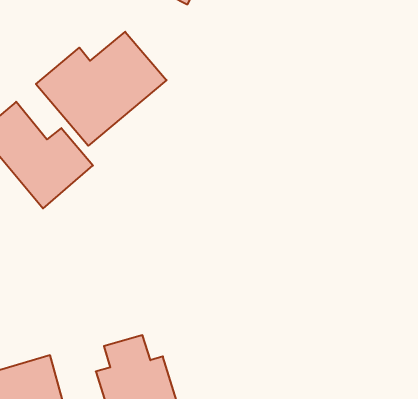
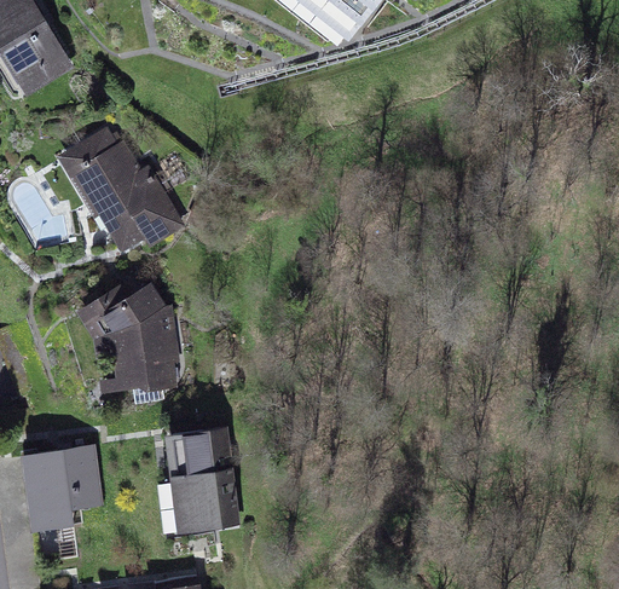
building: [36,32,167,146] -> none
building: none -> [80,277,198,400]

